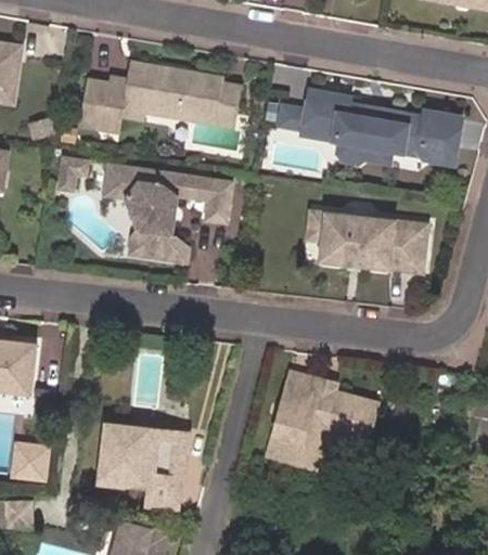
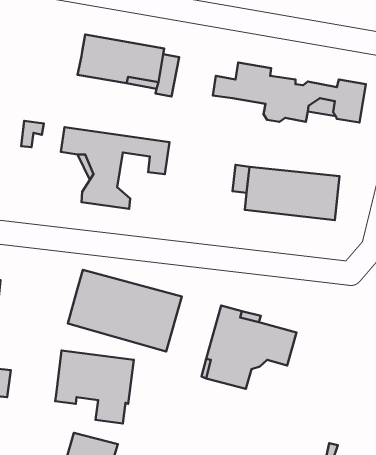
building: [78,75,130,137] -> none
building: none -> [68,270,182,351]

